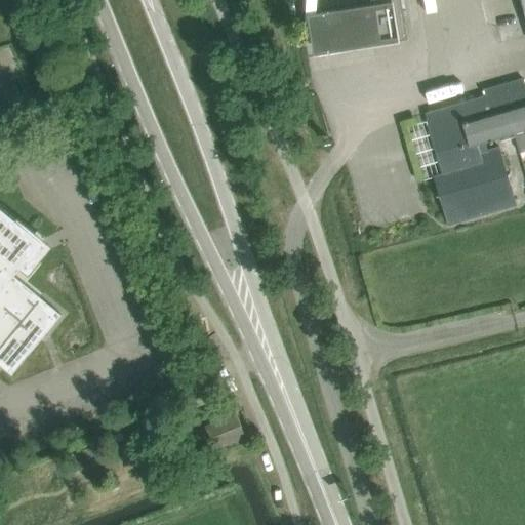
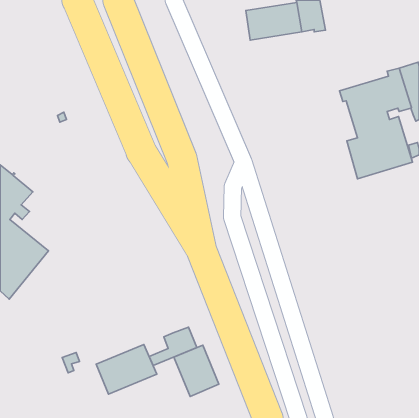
building: none -> [96,344,157,394]
building: none -> [174,345,219,396]

